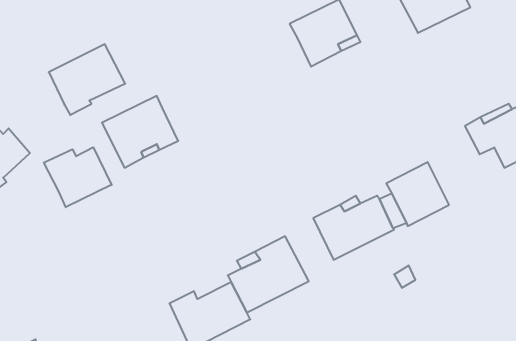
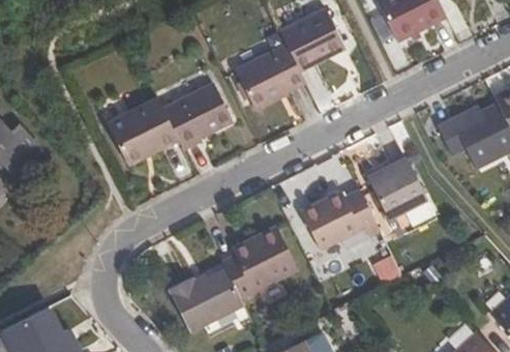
building: none -> [235,45,304,107]
building: [49,44,125,115] -> [162,83,233,148]
building: [44,147,112,207] -> none

